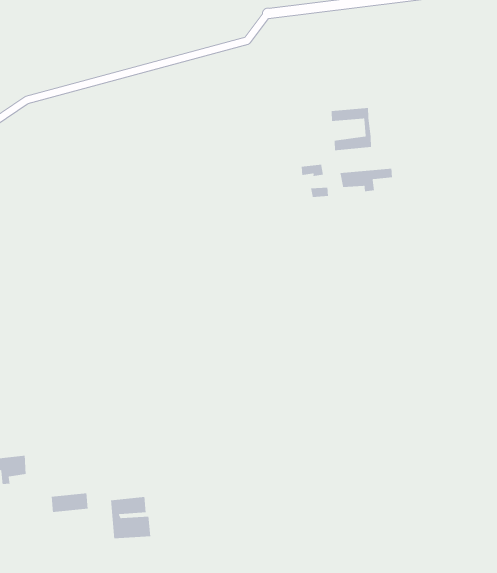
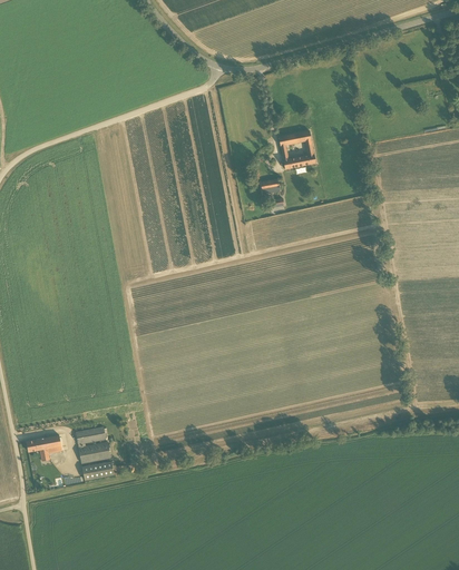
building: [340,168,393,192] -> none
building: [110,496,151,539] -> [76,425,111,462]

